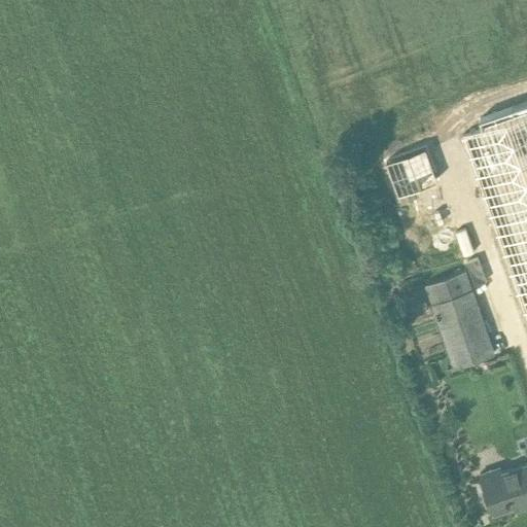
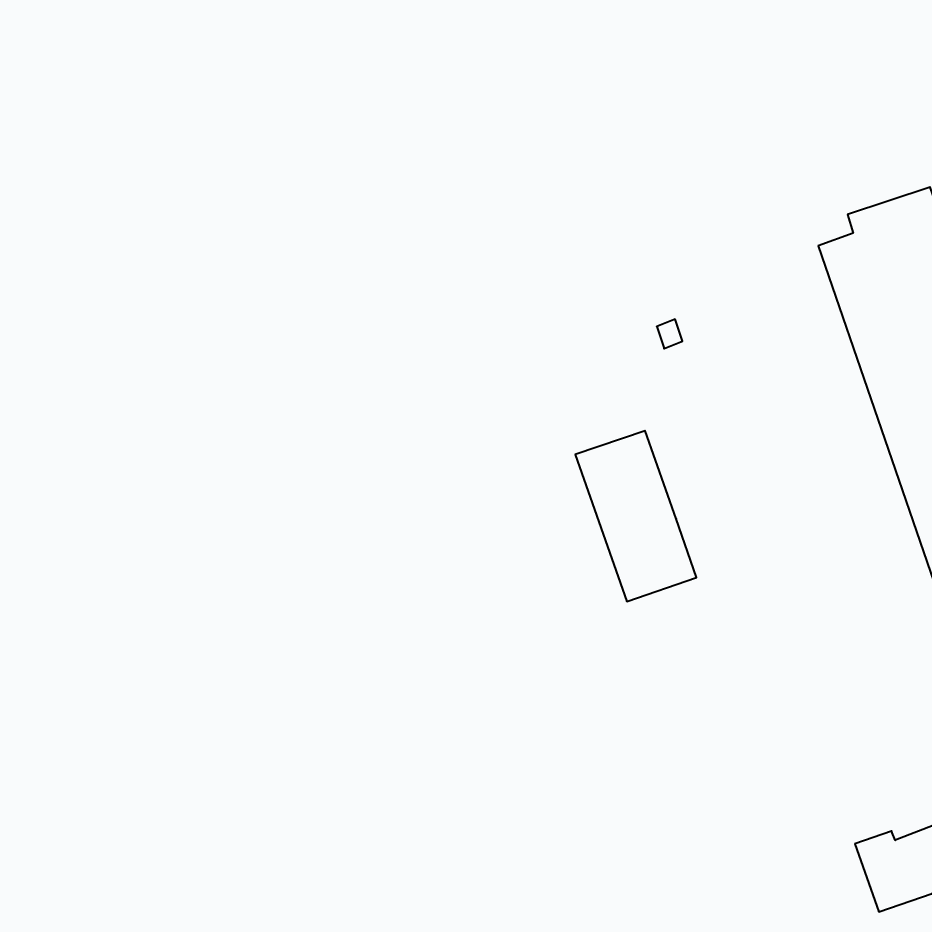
building: [390,151,441,202] -> none
building: [429,273,497,368] -> [575,431,696,601]

